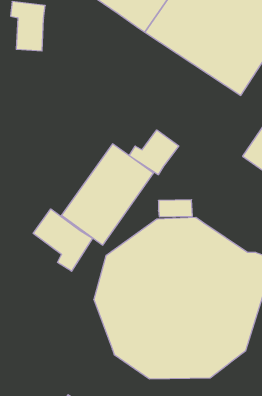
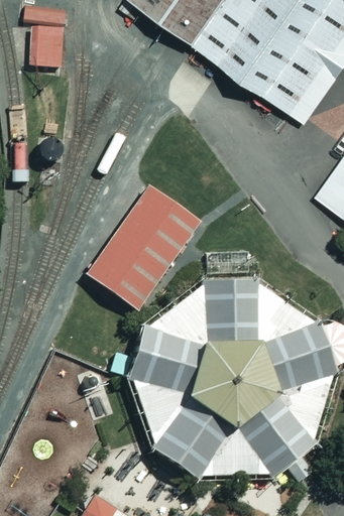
building: [129,130,179,175] -> none
building: [33,209,92,271] -> none

